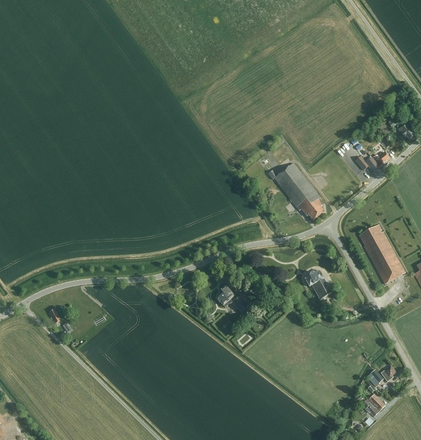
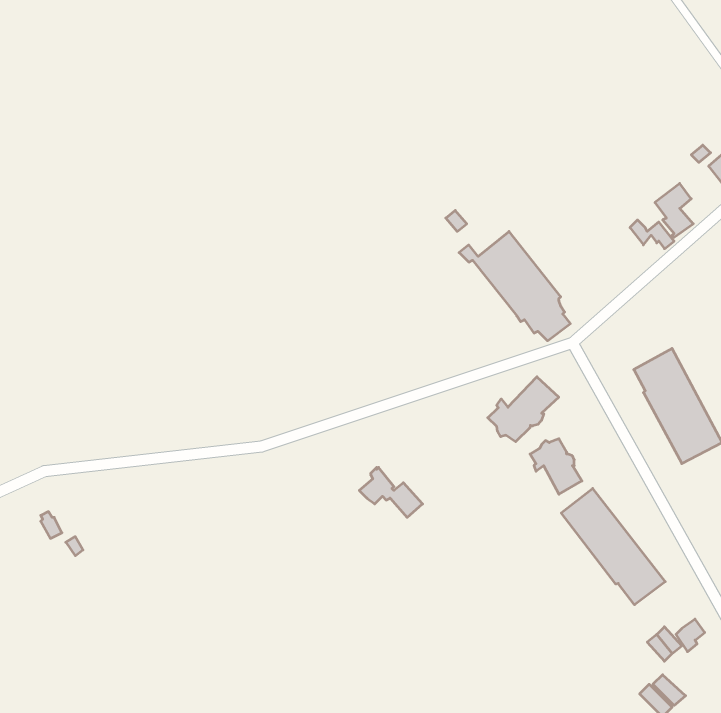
building: none -> [488,377,559,442]
building: none -> [561,488,665,605]

